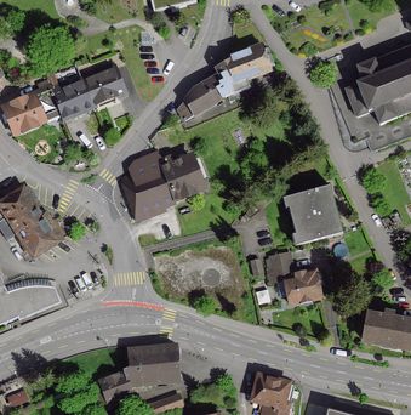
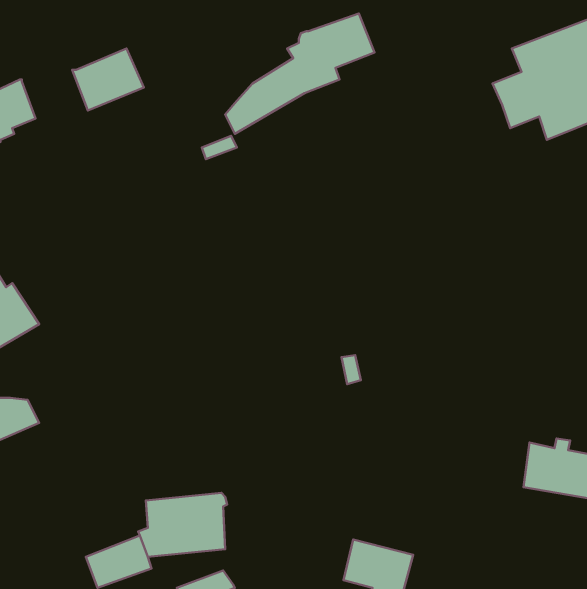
building: [50,80,91,118] -> none
building: [121,150,202,215] -> none
building: [285,184,342,244] -> none
building: [267,251,324,303] -> none

